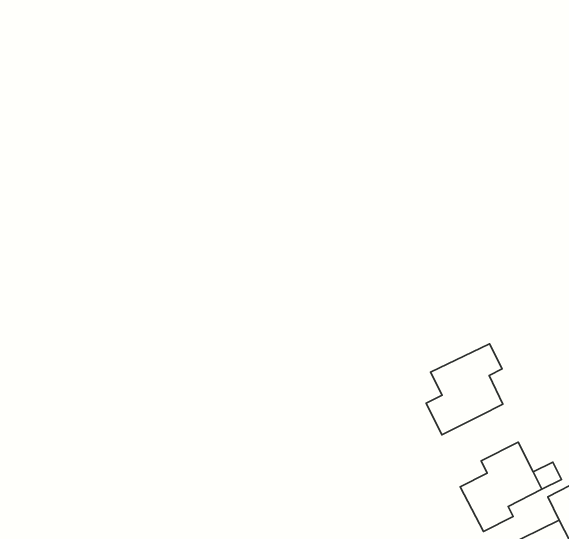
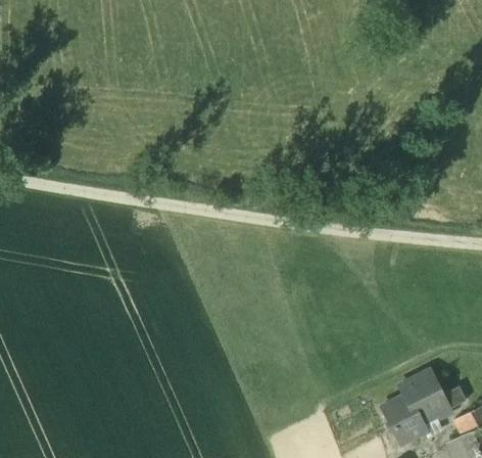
building: [426,344,503,435] -> none

